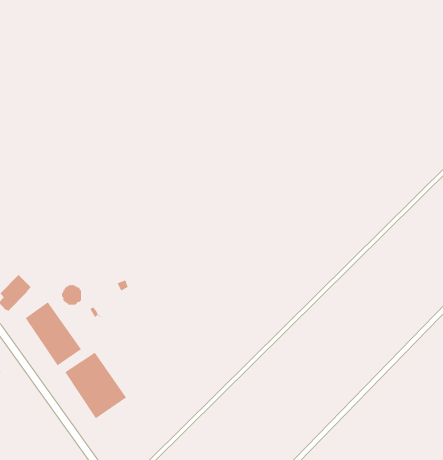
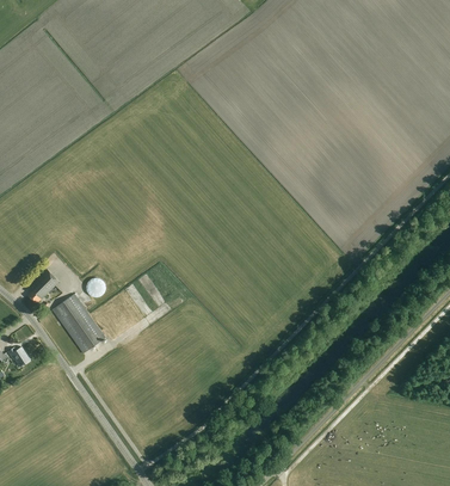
building: [64,352,127,419] -> none

